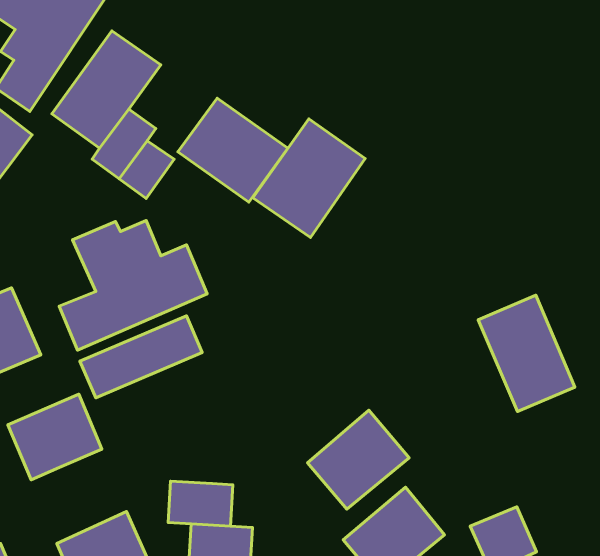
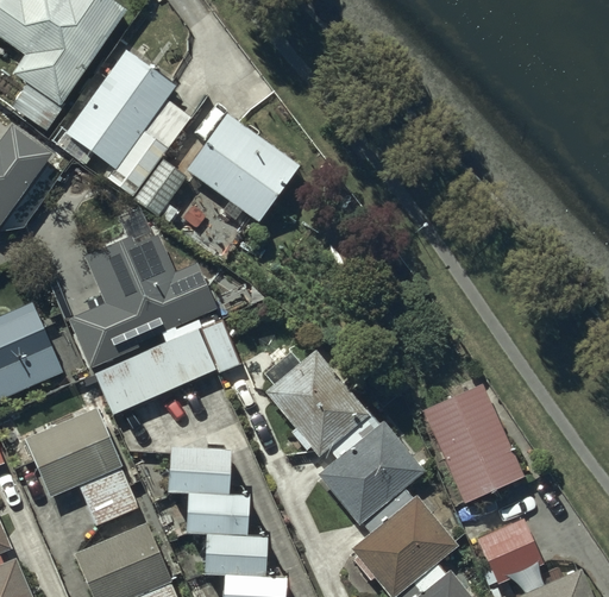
building: [253,119,365,237] -> none
building: [478,295,575,412] -> [425,384,519,497]
building: none -> [268,351,364,450]
building: none -> [168,446,227,494]
building: none -> [76,460,136,521]

